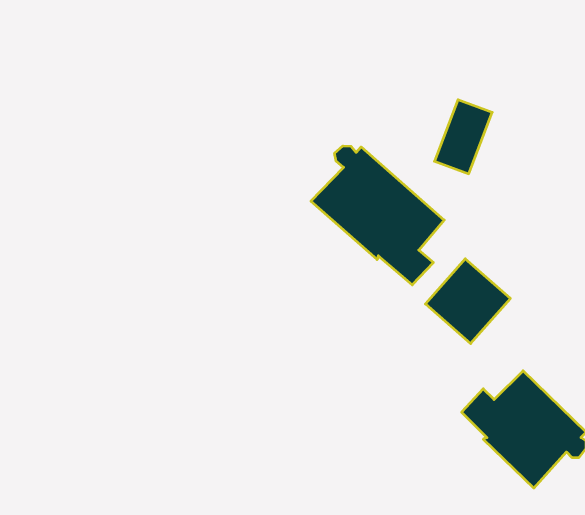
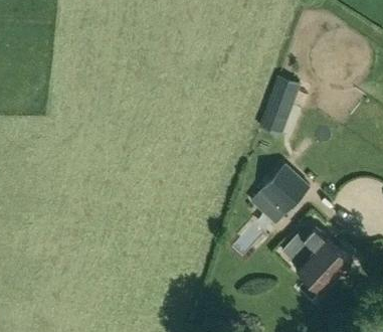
building: [311,146,444,285] -> none

